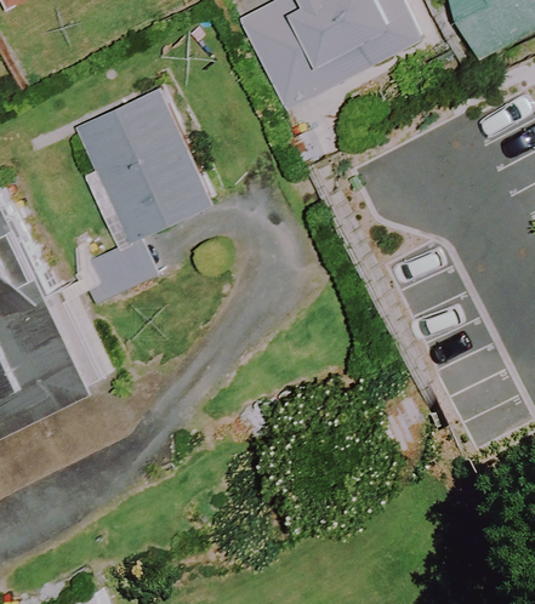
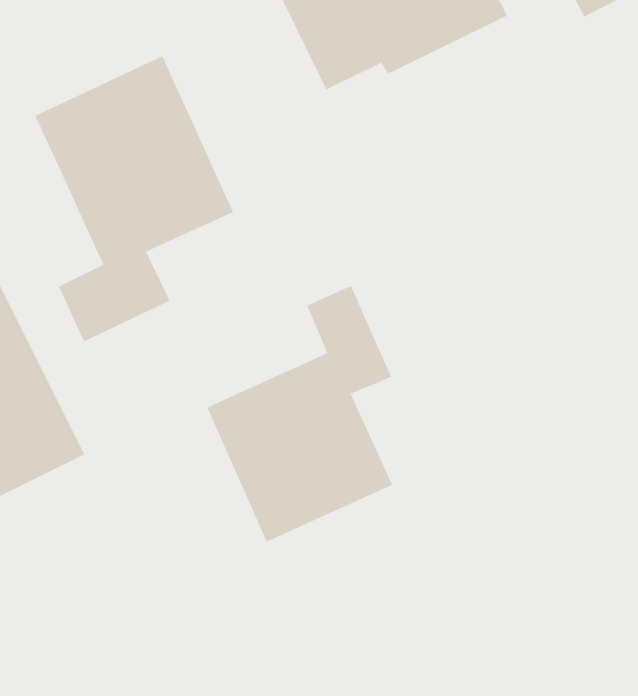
building: none -> [206,285,393,543]

